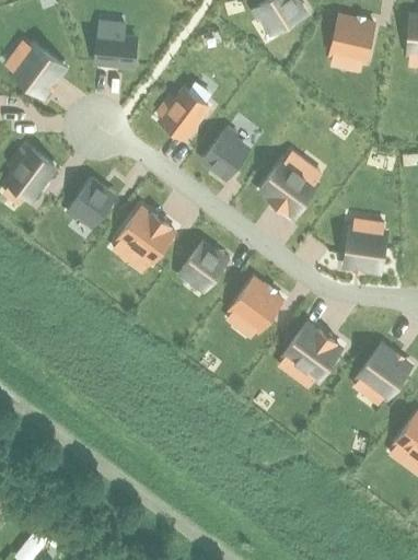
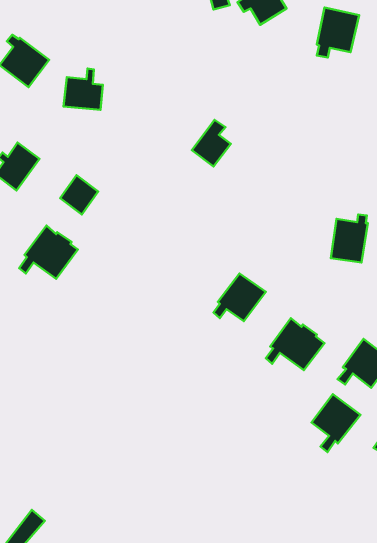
building: [95,24,135,66] -> [64,68,103,110]
building: [161,92,206,139] -> none
building: [260,153,315,215] -> none
building: [114,209,173,262] -> [19,226,78,279]
building: [183,247,222,287] -> none
building: none -> [311,394,360,452]

